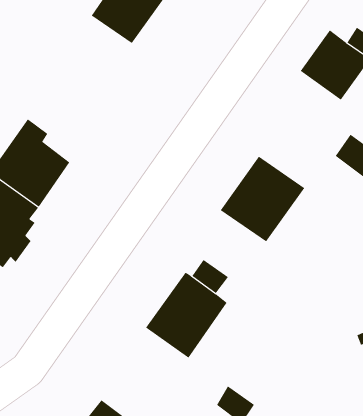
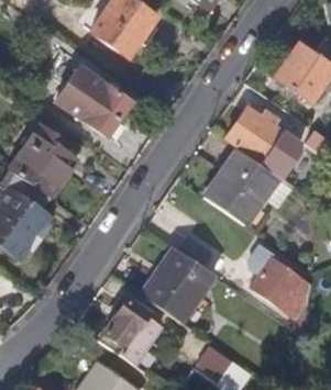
building: none -> [59,71,132,138]
building: none -> [227,105,289,163]
building: none -> [250,257,312,317]
building: none -> [101,298,150,357]

